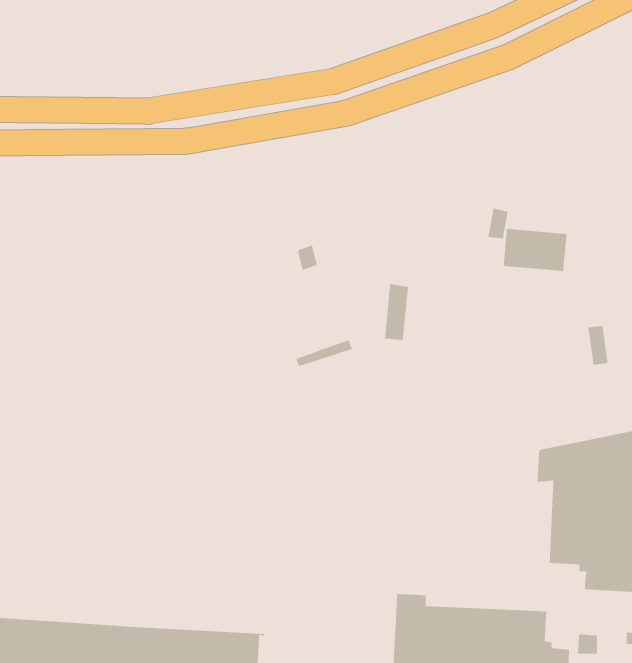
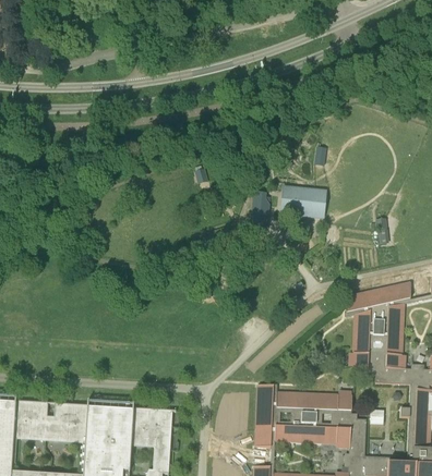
building: [503,228,567,272] -> [283,188,323,216]

